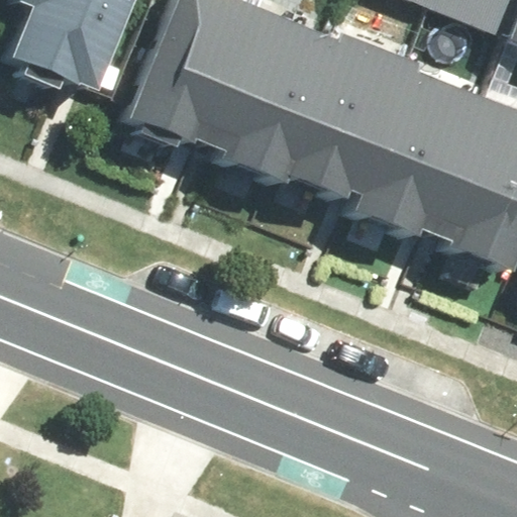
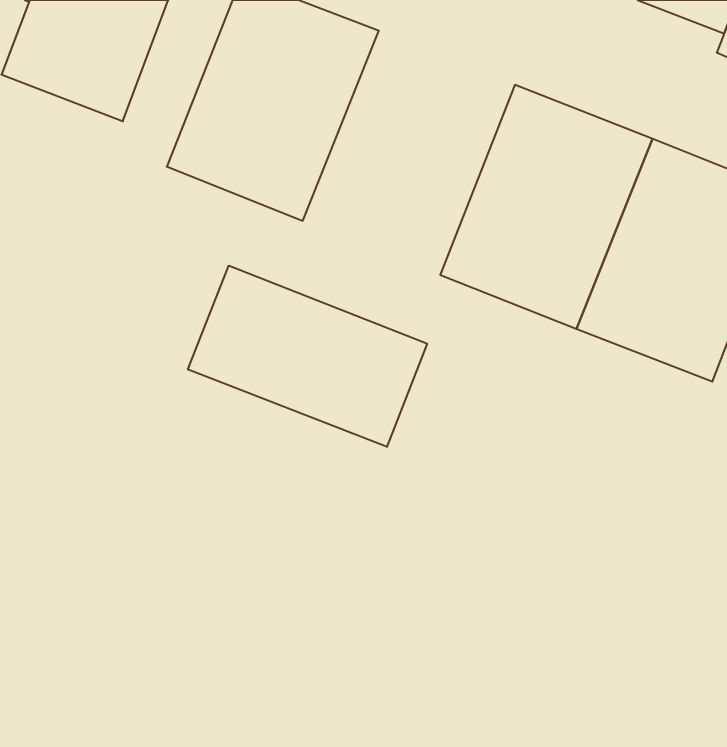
building: [223,21,370,190] -> none
building: none -> [188,266,427,447]

